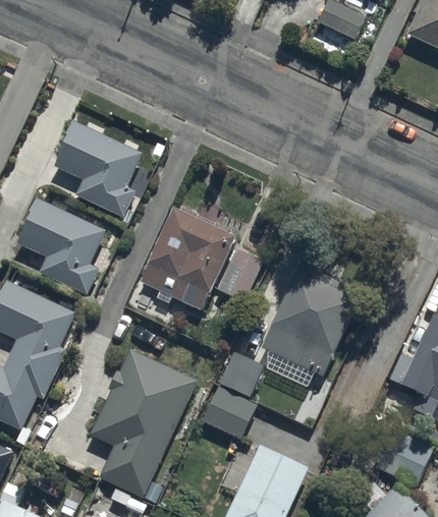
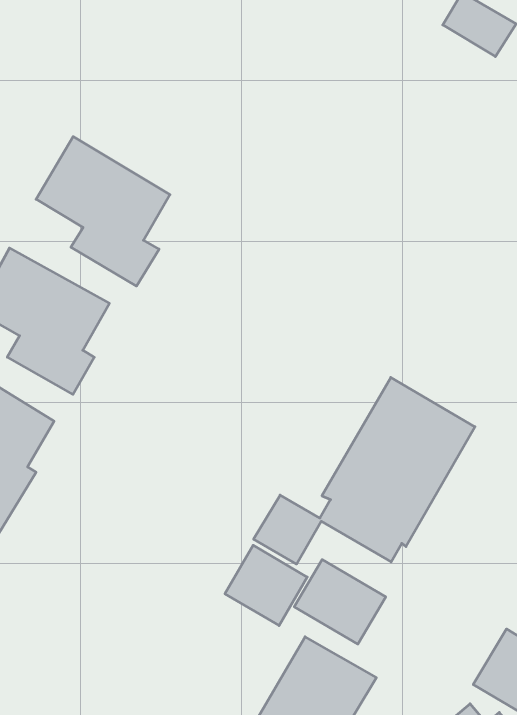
building: [141,208,263,310] -> none
building: [91,349,197,497] -> none
building: none -> [294,560,386,644]

